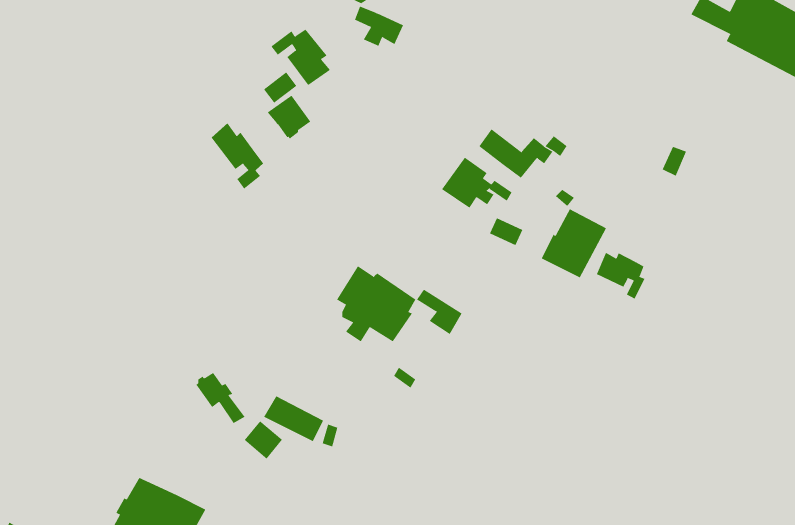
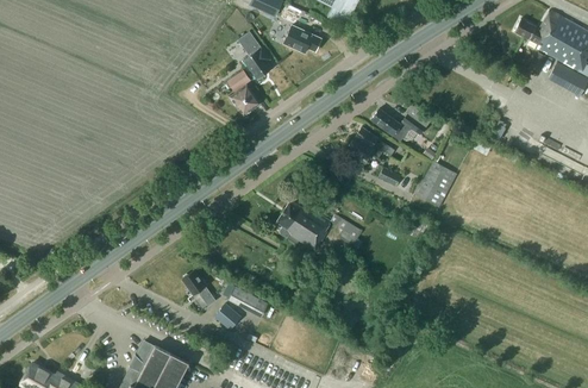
building: [211,122,264,189] -> none
building: [596,252,645,299] -> none

